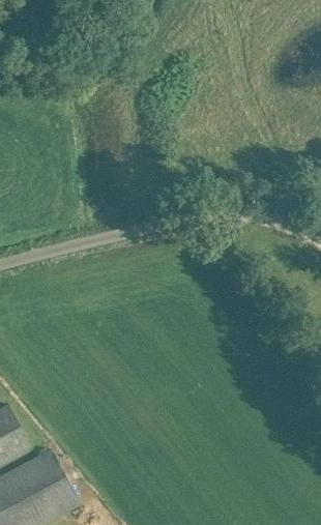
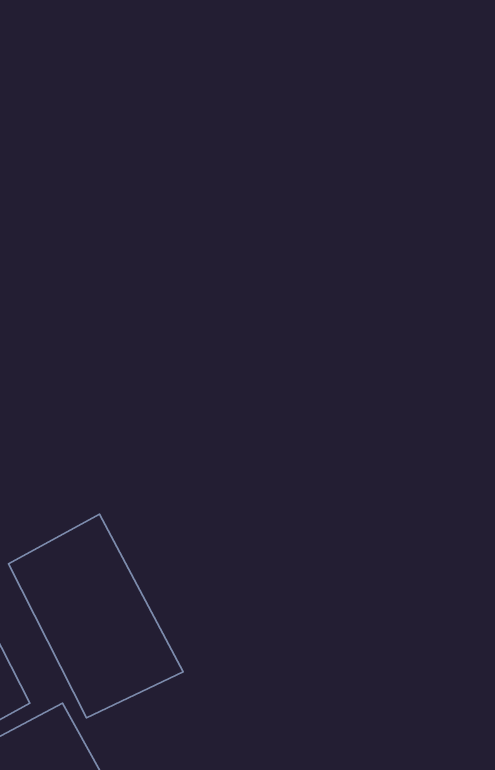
building: none -> [8,514,183,718]

